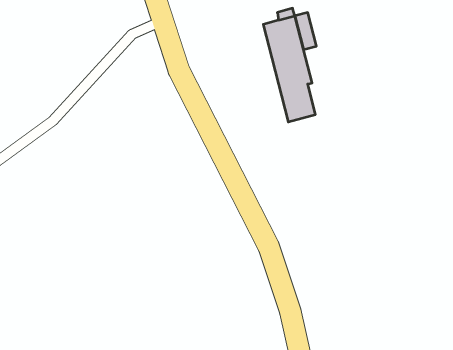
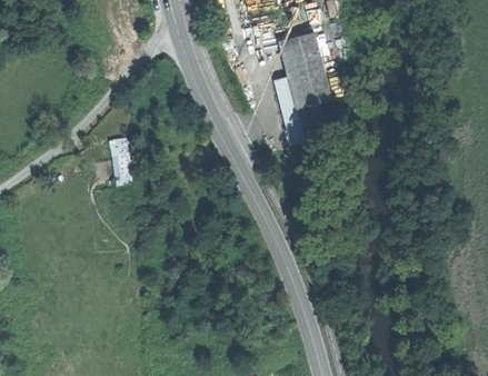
building: none -> [273,73,308,144]
building: none -> [108,136,136,185]

